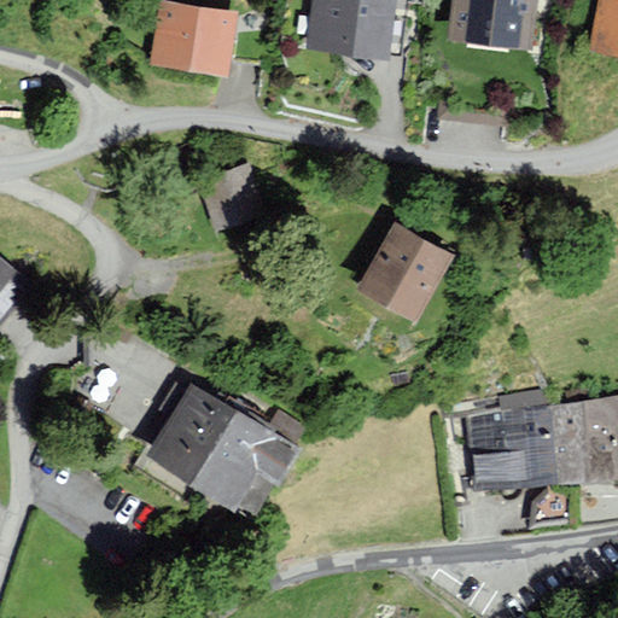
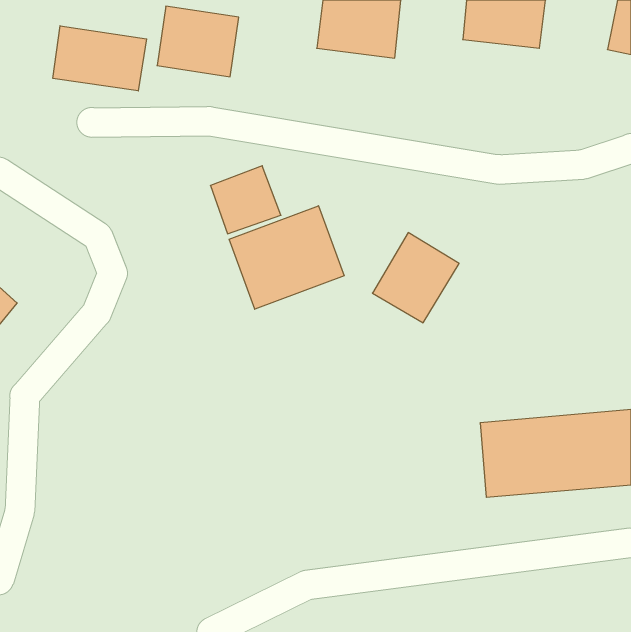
building: none -> [53,26,147,91]
building: none -> [229,206,344,309]
building: [154,391,290,506] -> none

